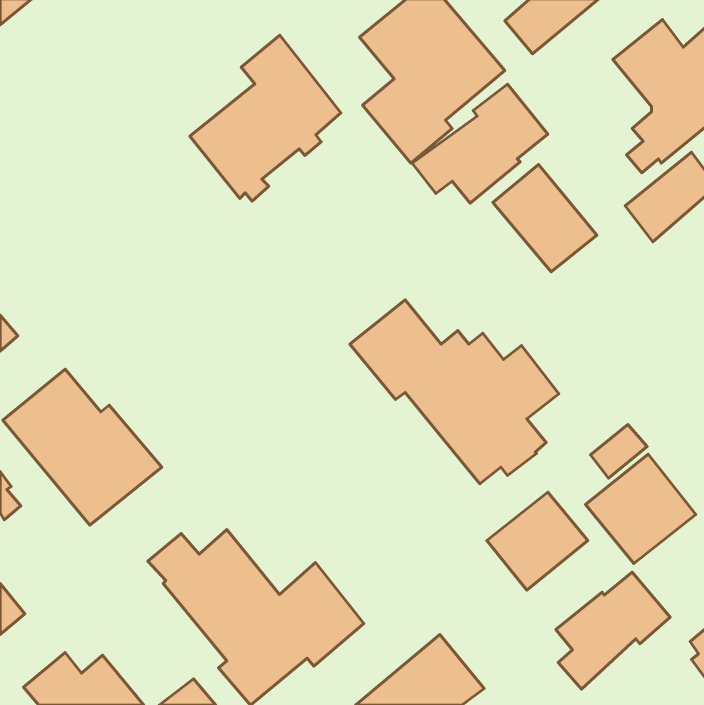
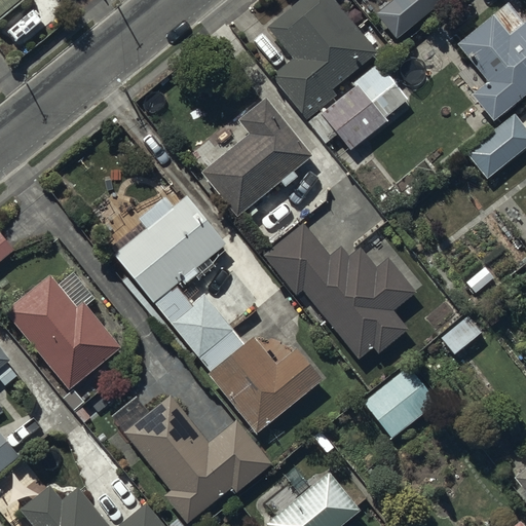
building: [190,35,341,201] -> [200,98,312,221]
building: [493,165,597,272] -> none
building: none -> [113,195,323,436]
building: [586,454,696,563] -> none
building: [556,572,670,689] -> none

